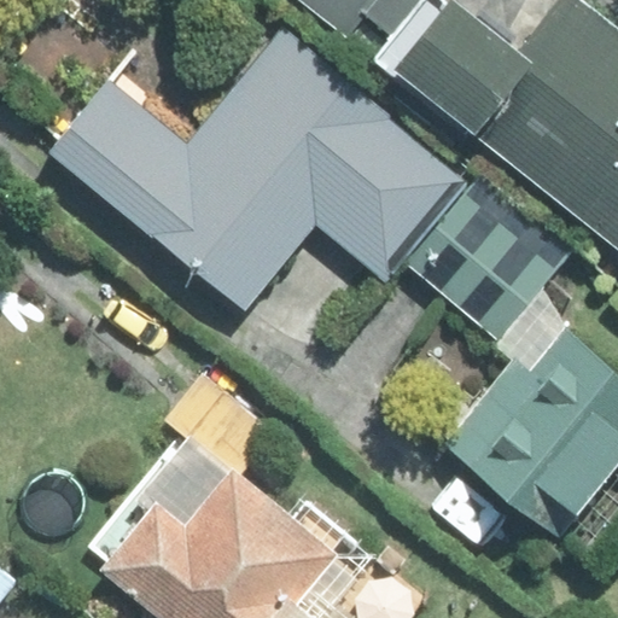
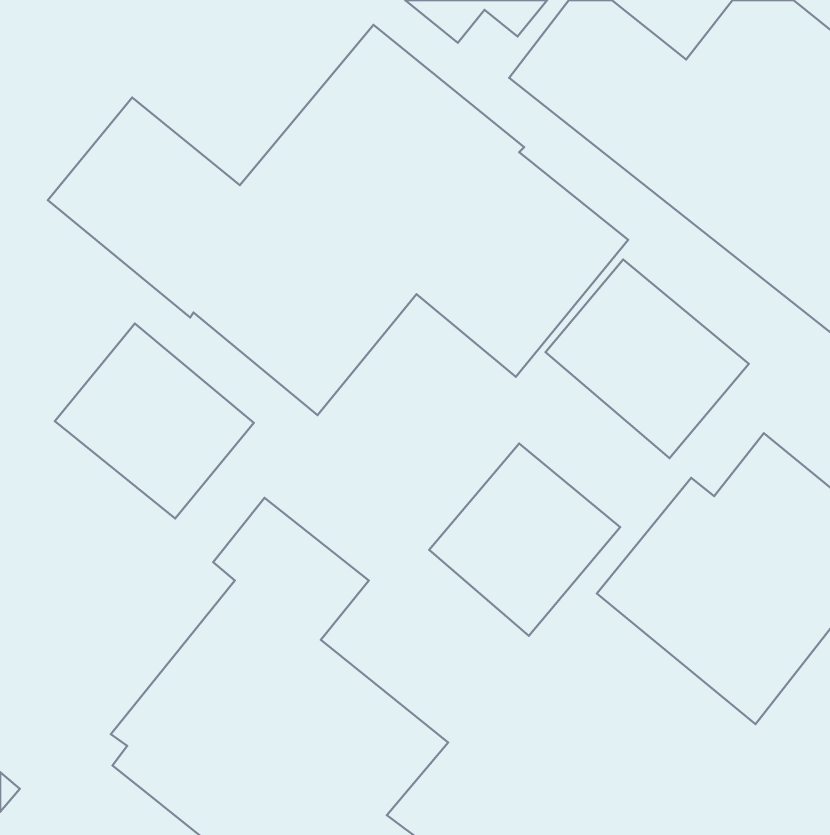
building: none -> [55,324,254,518]
building: none -> [429,443,620,636]

